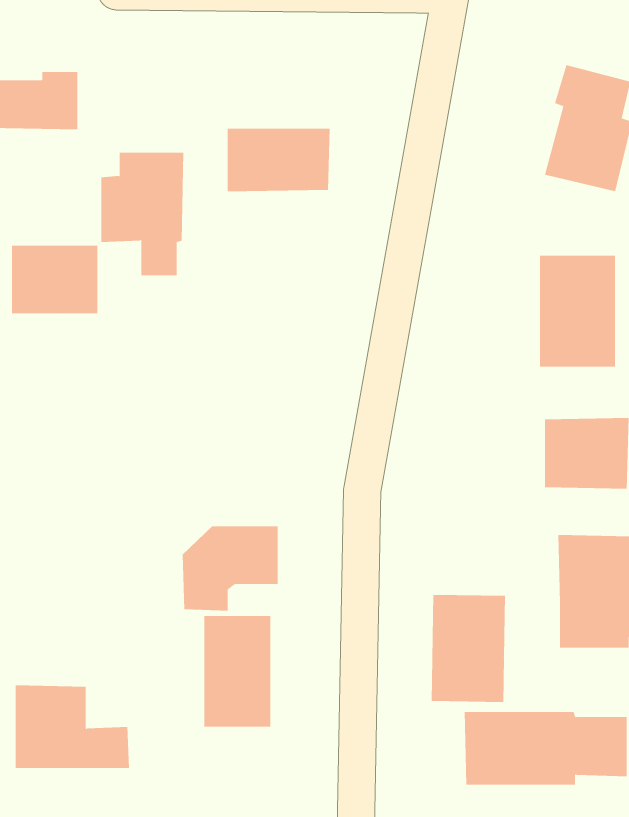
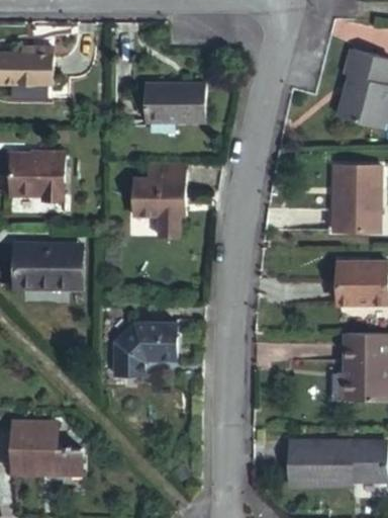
building: [101,152,184,276] -> [134,163,185,238]
building: none -> [15,248,78,292]
building: [431,594,505,703] -> none
building: [204,615,271,728] -> none

